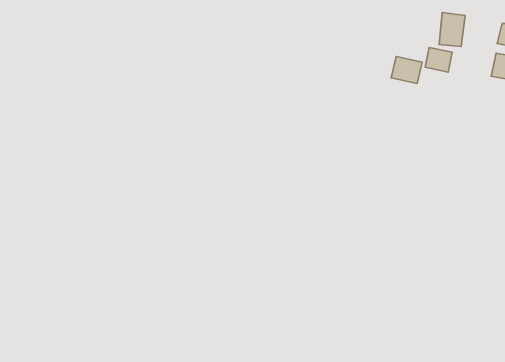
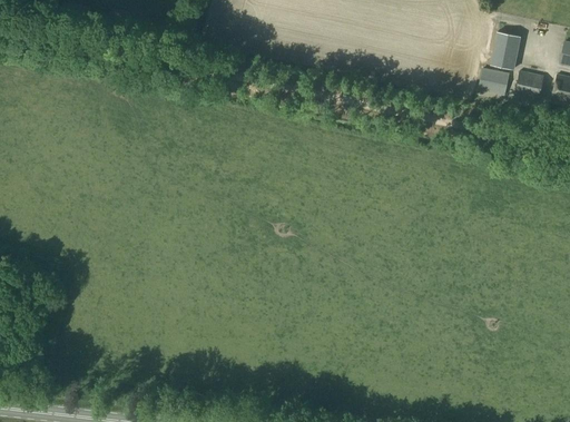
building: none -> [515,71,543,99]
building: [391,57,422,84] -> none

